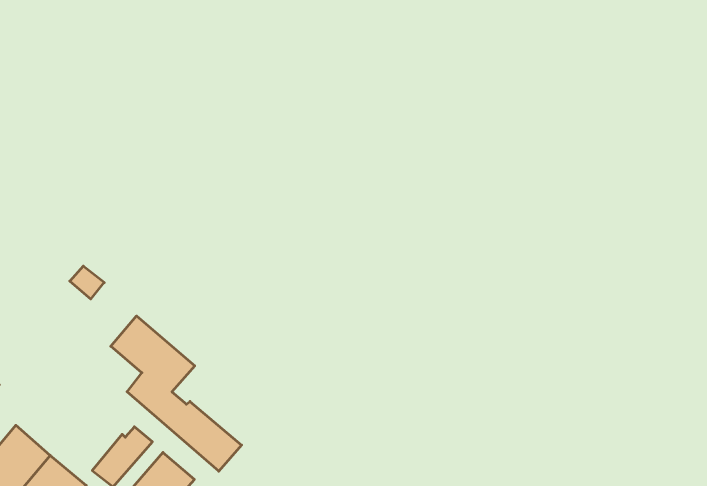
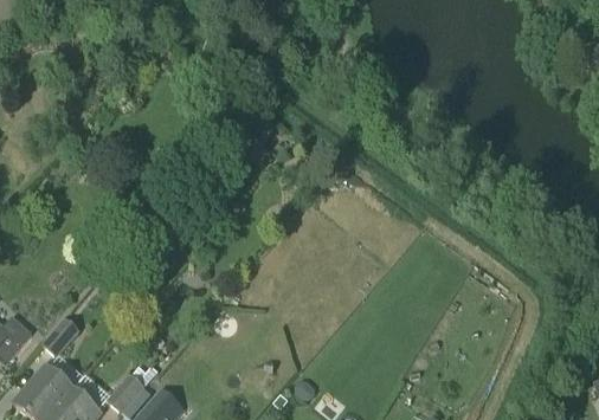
building: [111,316,242,471] -> none
building: none -> [43,317,80,356]

